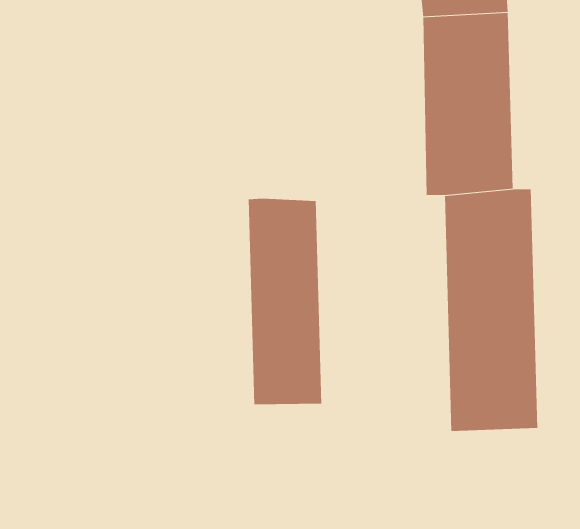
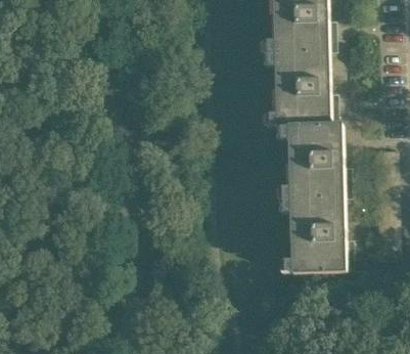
building: [248,198,322,405] -> none

